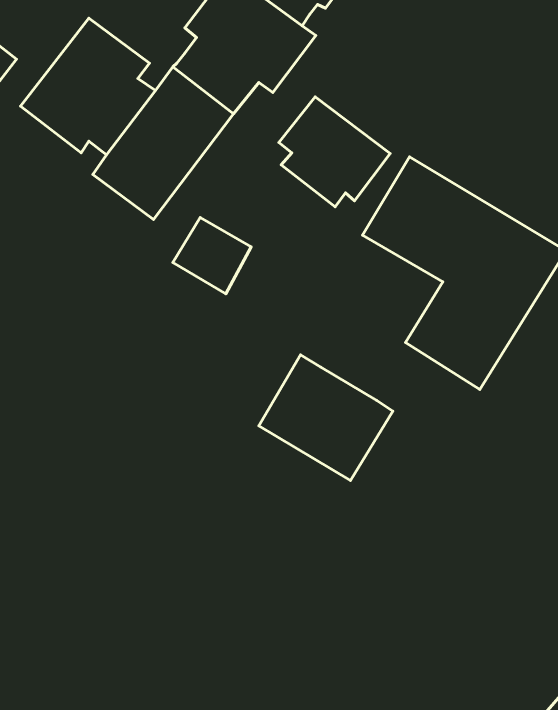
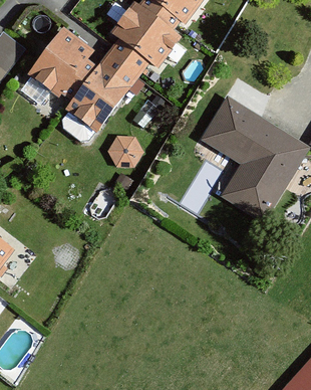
building: [279,97,390,207] -> none
building: [259,355,393,480] -> none

